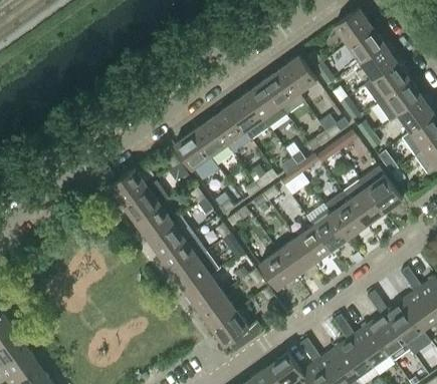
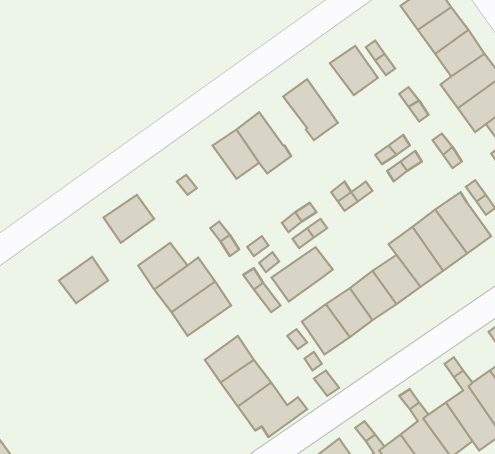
building: [263,70,304,115] -> none
building: [227,95,263,132] -> none
building: [174,132,210,170] -> none
building: [123,187,160,223] -> [59,257,108,303]
building: [173,253,219,294] -> [271,247,333,302]

